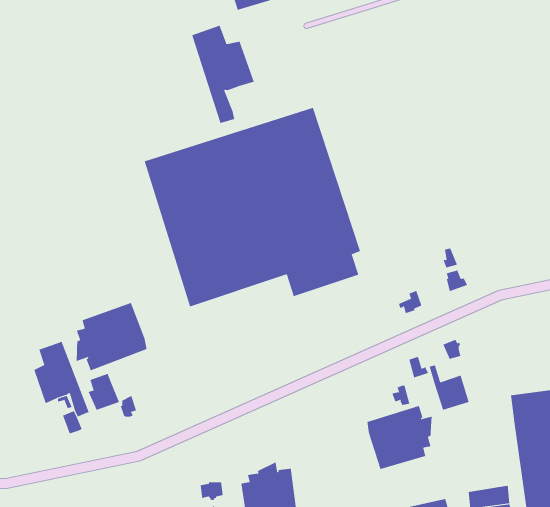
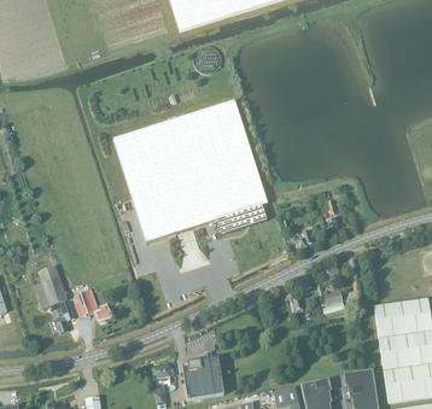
building: [192,25,255,124] -> none
building: [76,302,147,371] -> none
building: [367,405,432,470] -> none

